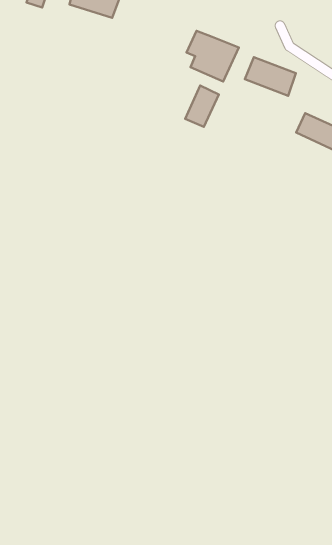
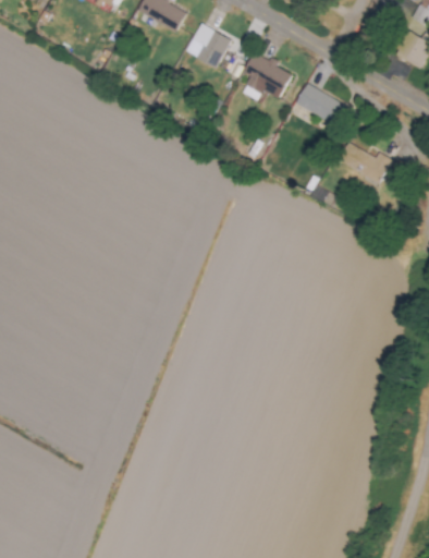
building: none -> [192,23,231,68]
building: [185,86,219,127] -> none

